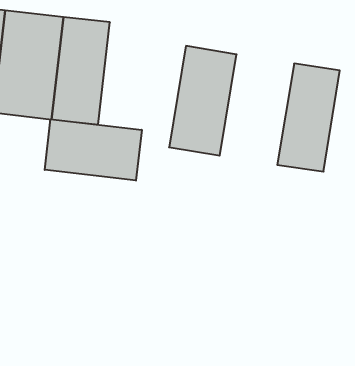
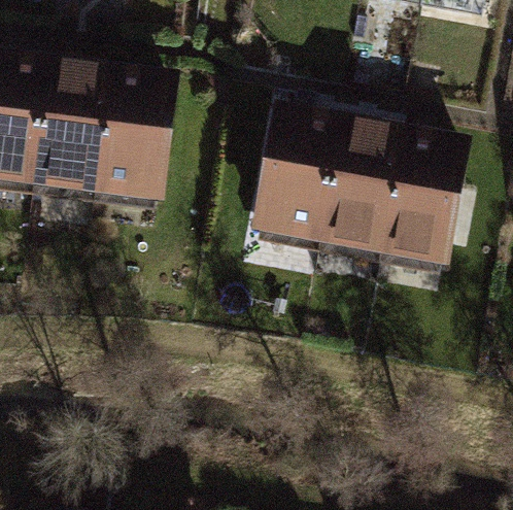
building: none -> [312,116,403,251]
building: [45,119,142,181] -> none

